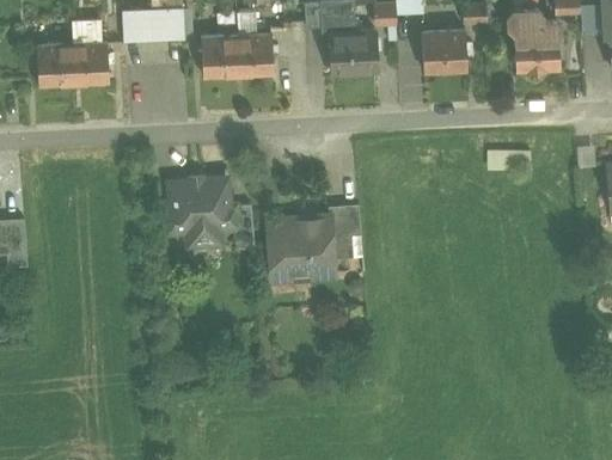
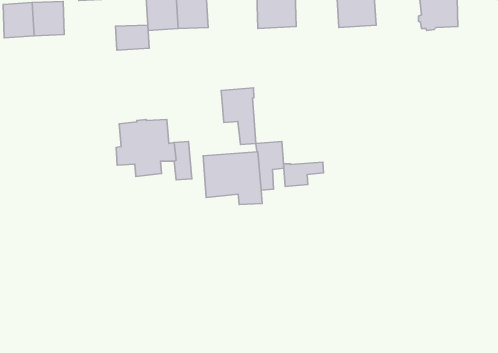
building: none -> [115,25,149,50]
building: none -> [221,88,256,145]
building: none -> [284,162,324,186]

